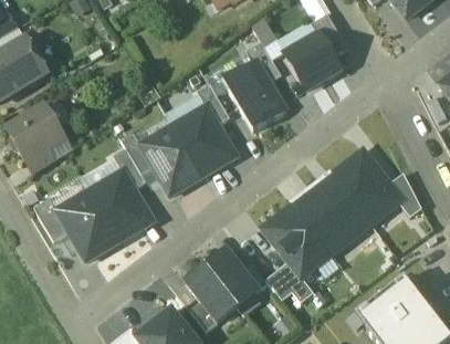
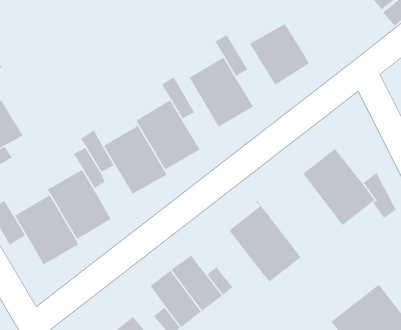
building: [312,12,348,55] -> none
building: [290,168,370,252] -> none
building: [266,260,313,304] -> none

